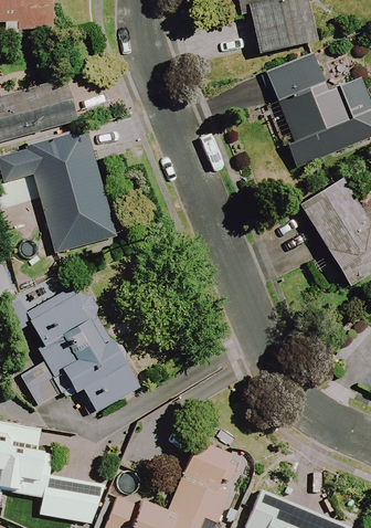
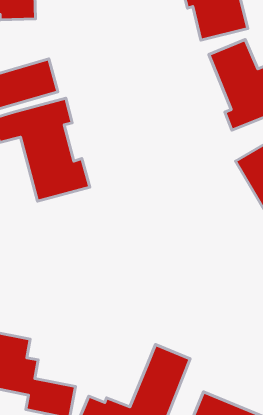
building: [22,286,141,412] -> none

